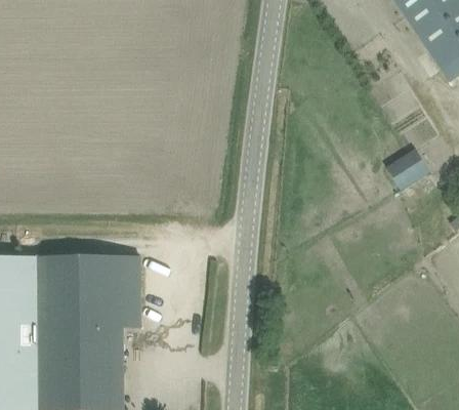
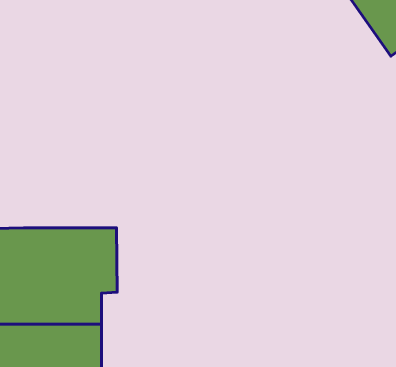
building: [387,150,429,189] -> none

